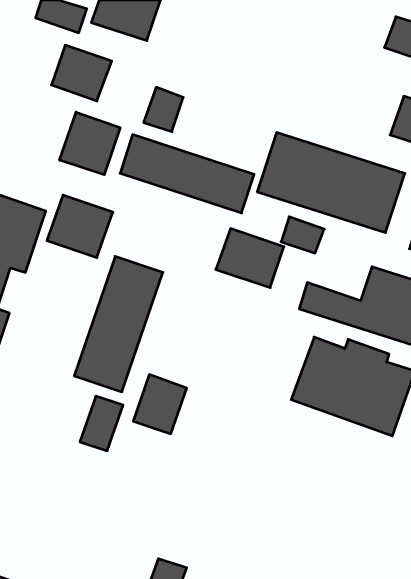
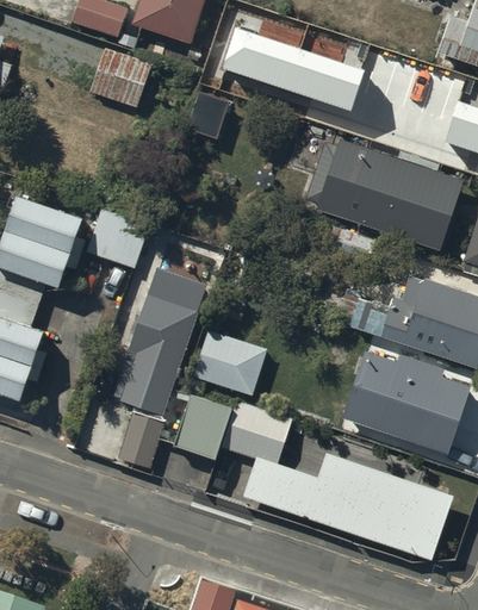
building: [60,112,120,175] -> none
building: [120,135,254,213] -> [223,29,364,111]
building: [216,229,284,288] -> [194,331,266,393]
building: none -> [224,400,292,461]
building: none -> [244,454,451,559]

